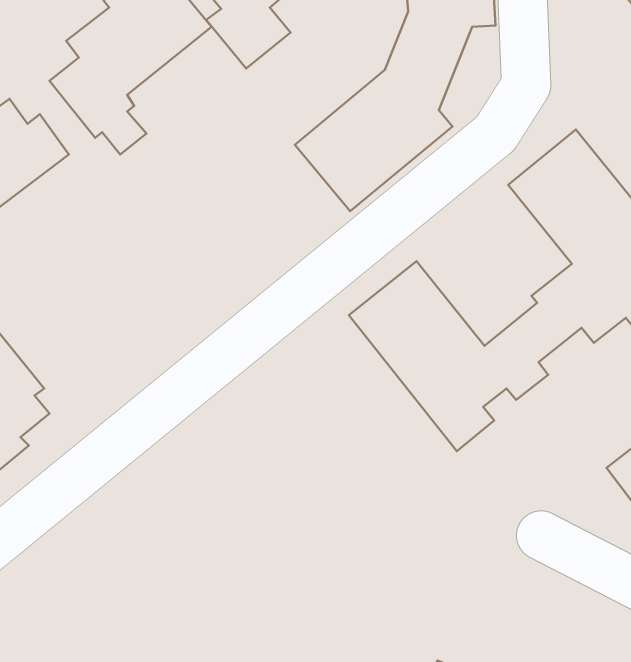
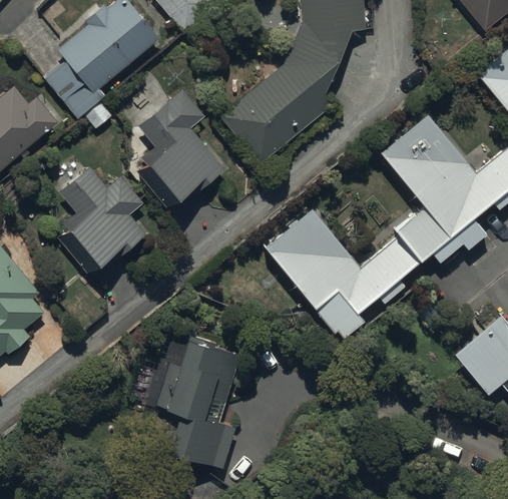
building: none -> [137,90,224,197]
building: none -> [53,168,150,274]
building: none -> [139,333,240,468]

